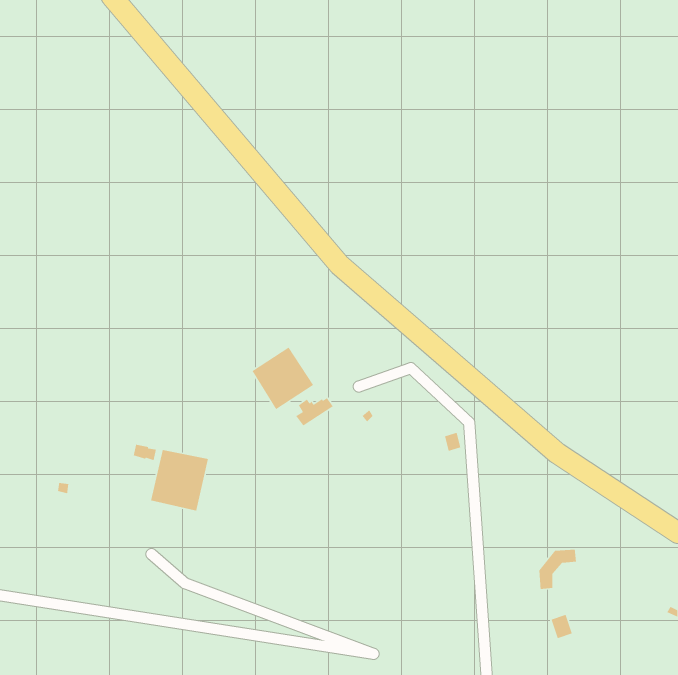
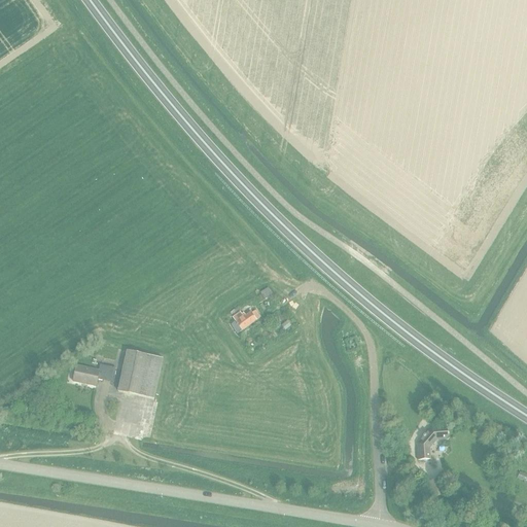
building: [251,347,314,410] -> none
building: none -> [72,362,105,384]

